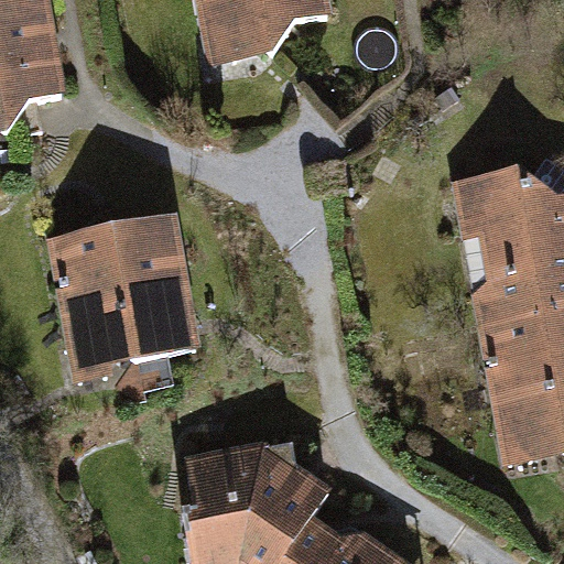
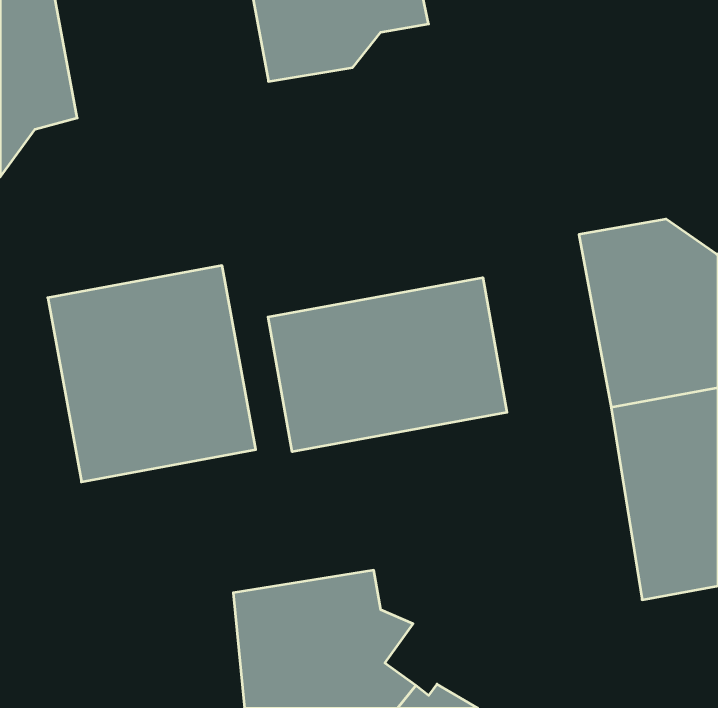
building: none -> [268,278,507,452]

